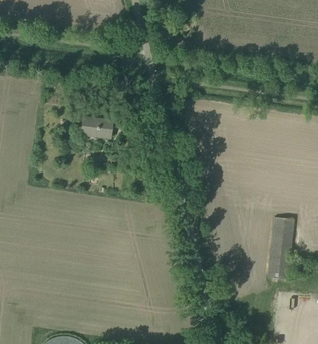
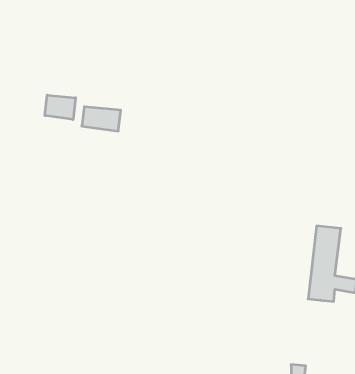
building: none -> [45,95,76,120]

